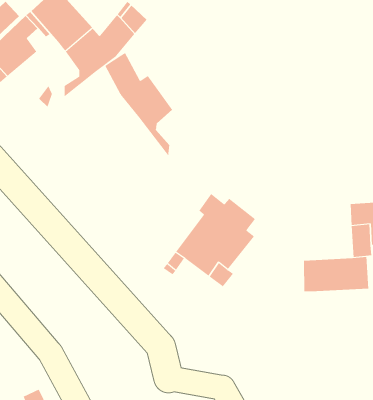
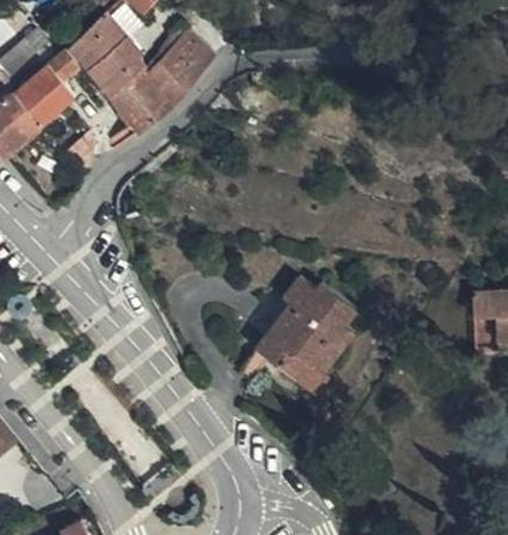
building: [104,52,173,156] -> none
building: [303,256,369,292] -> none

